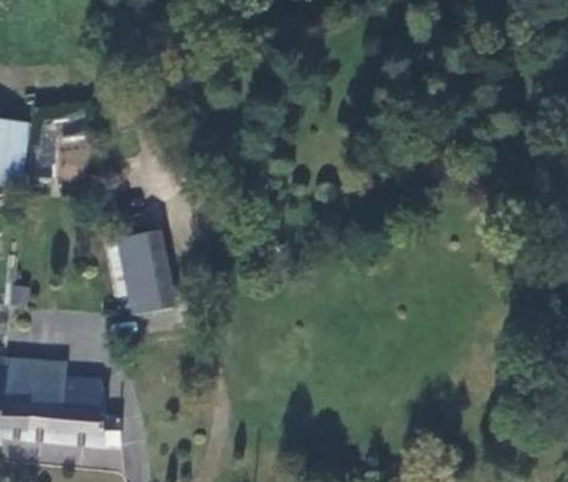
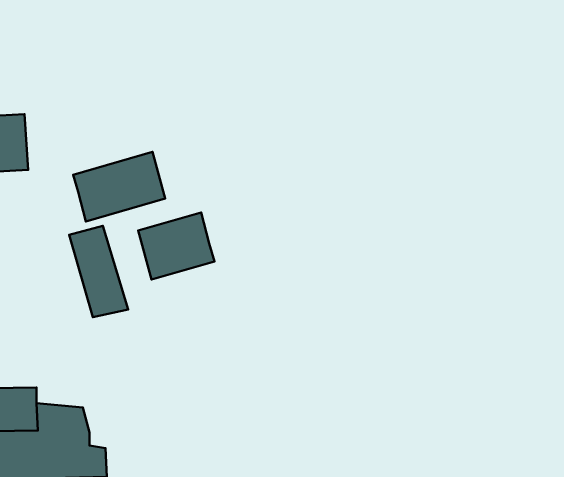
building: none -> [73,152,165,221]
building: none -> [138,212,215,280]

